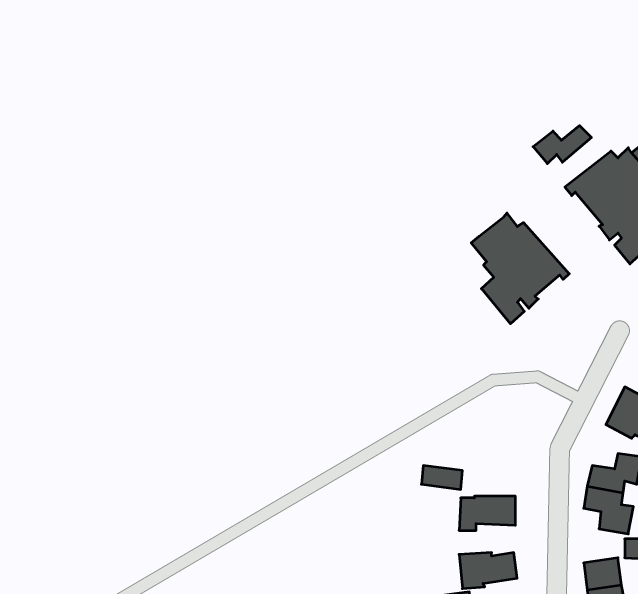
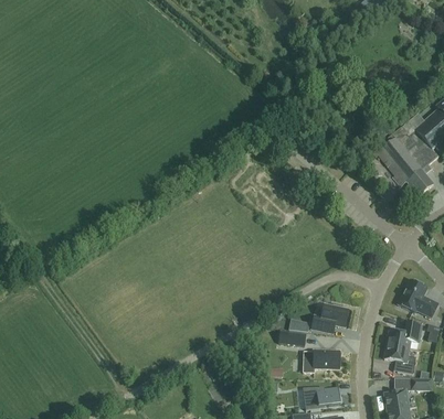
building: [533,126,591,164] -> none
building: [471,213,569,324] -> none
building: none -> [310,304,348,333]

